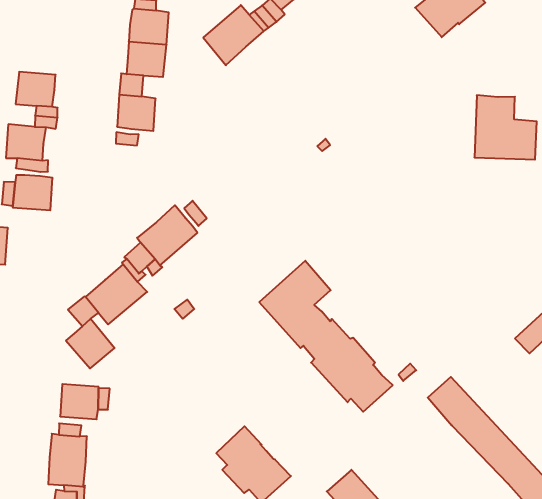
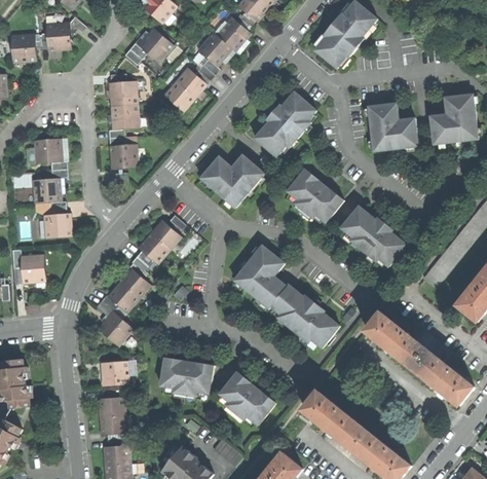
building: none -> [254,91,315,156]
building: none -> [200,155,264,208]
building: none -> [287,169,343,222]
building: none -> [340,206,406,266]
building: none -> [159,358,213,396]

